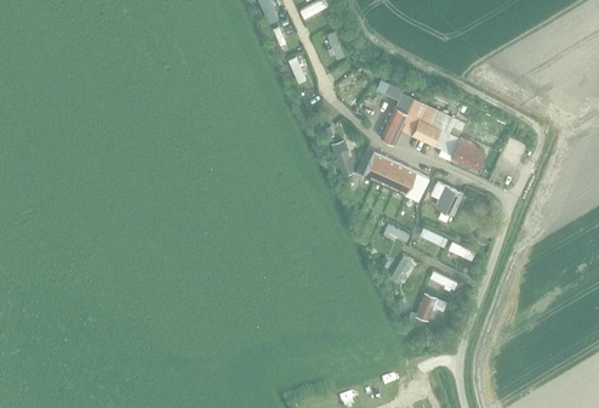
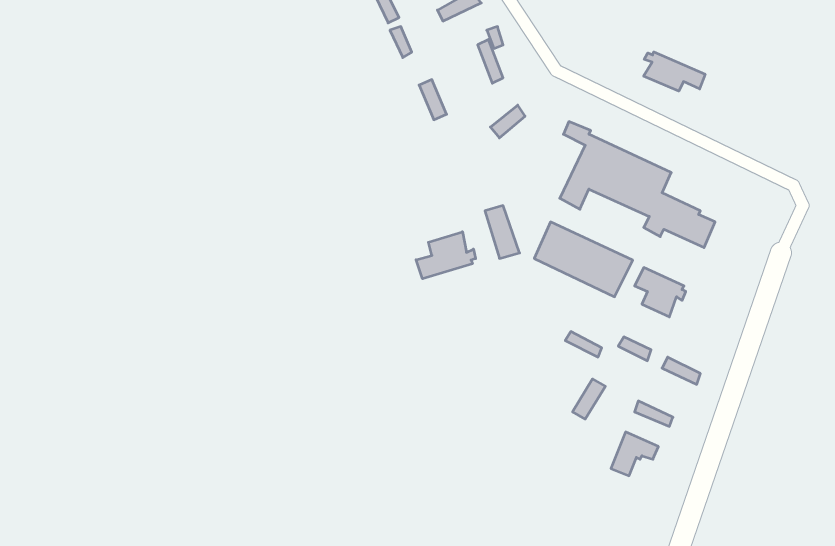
building: none -> [644,52,705,91]
building: none -> [416,232,476,279]

